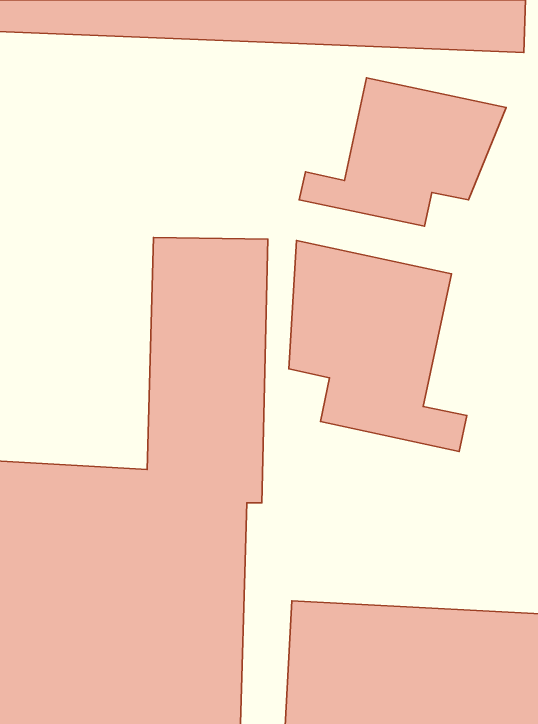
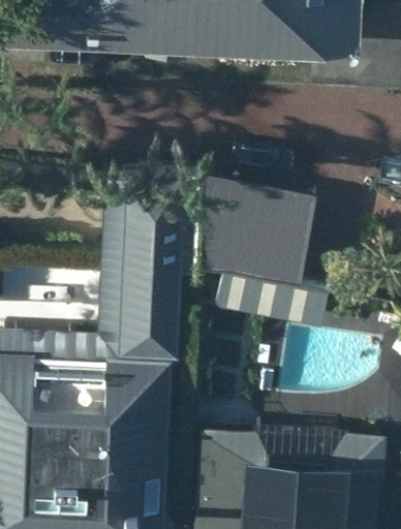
building: [299,78,506,226] -> none

